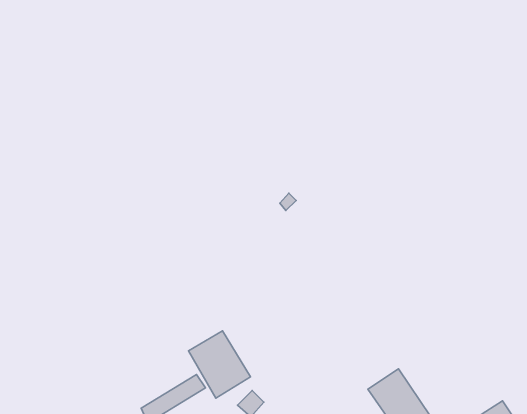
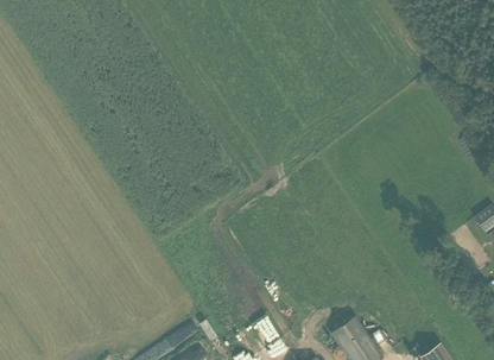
building: [188,331,251,398] -> none

